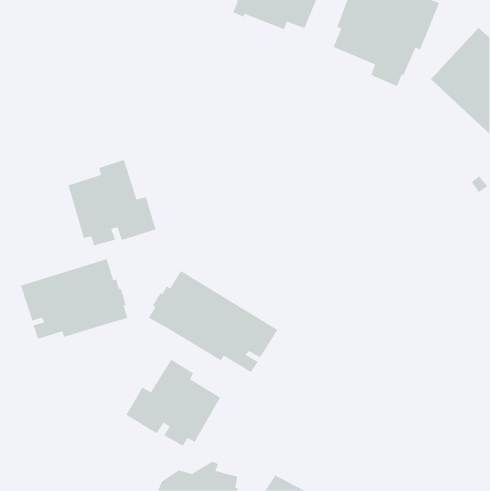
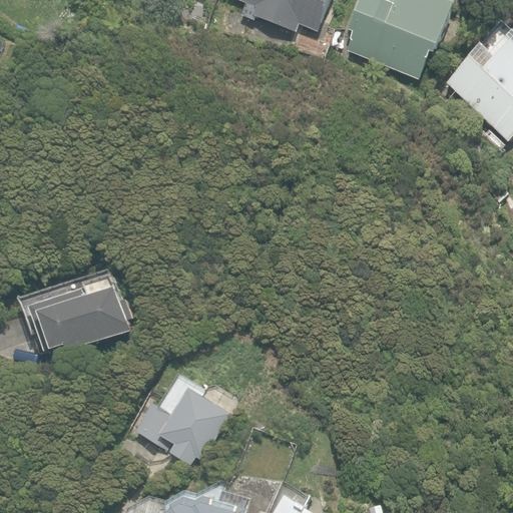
building: [68,159,156,246] -> none
building: [148,270,278,373] -> none

